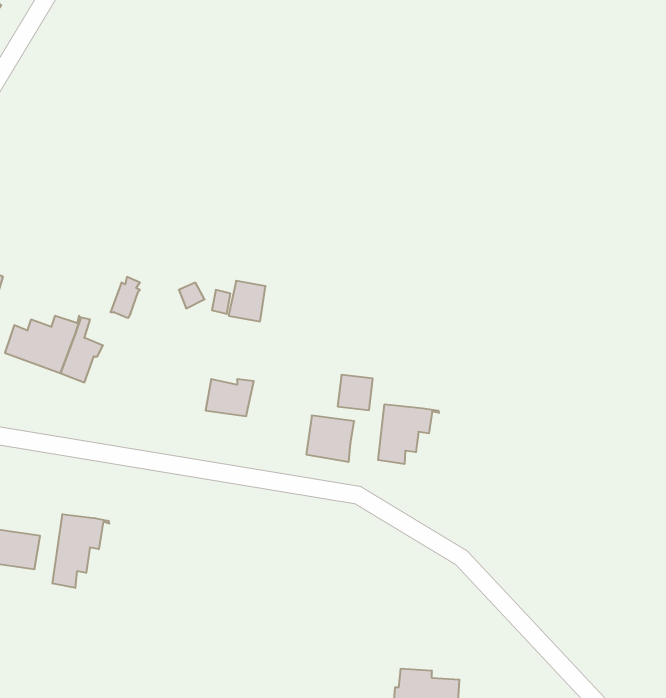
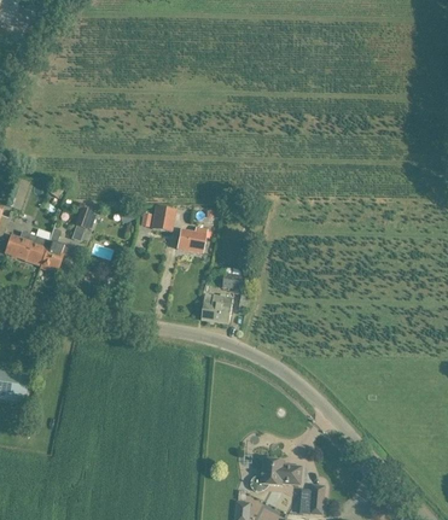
building: [206,379,254,416] -> [176,229,208,253]
building: [378,404,439,464] -> none
building: [53,514,109,588] -> none

